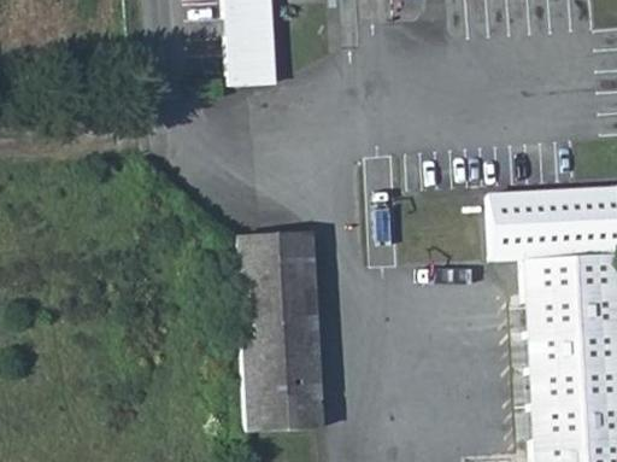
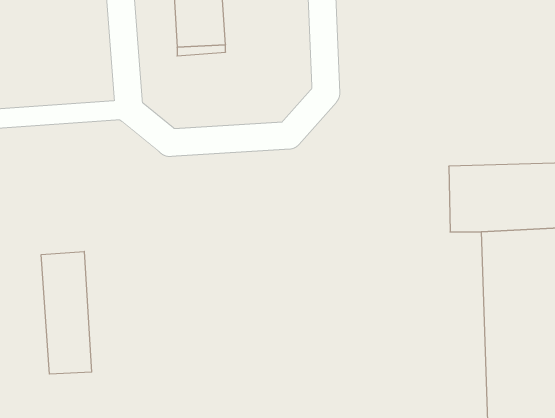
building: [236,246,321,429] -> none
building: none -> [41,251,92,374]

